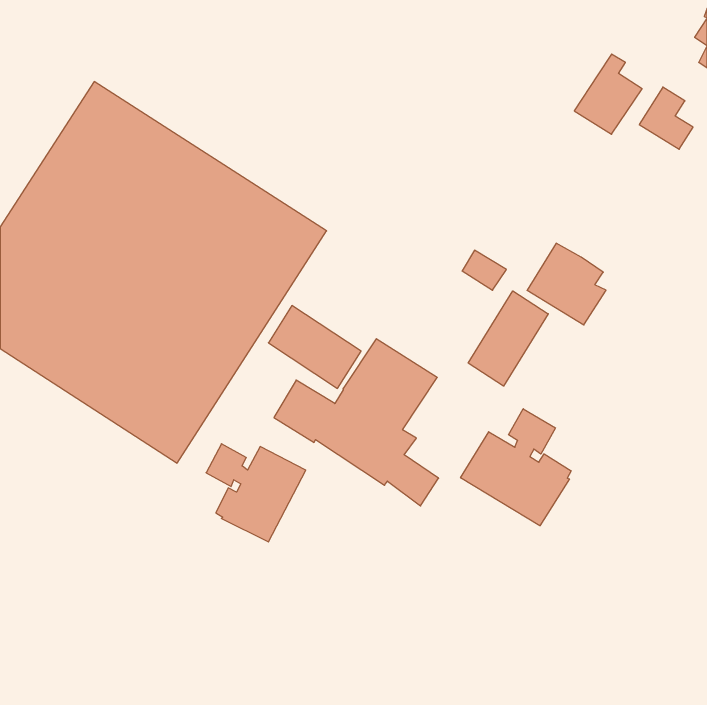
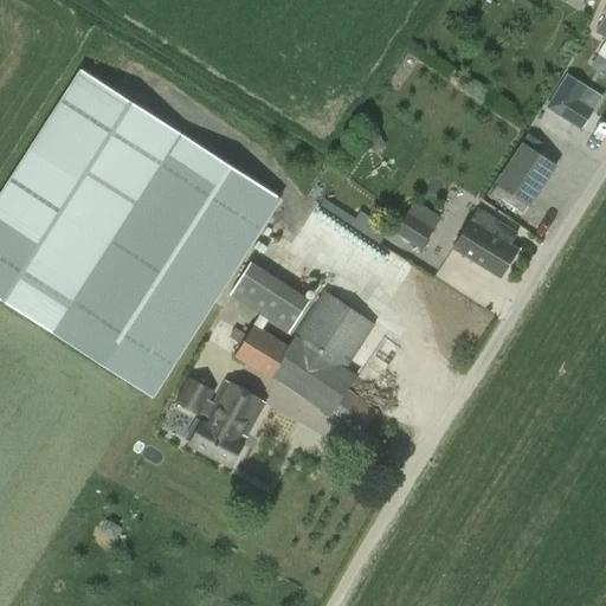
building: [574,54,642,134] -> [496,135,554,204]
building: [468,291,548,386] -> none
building: [461,409,571,526] -> none

